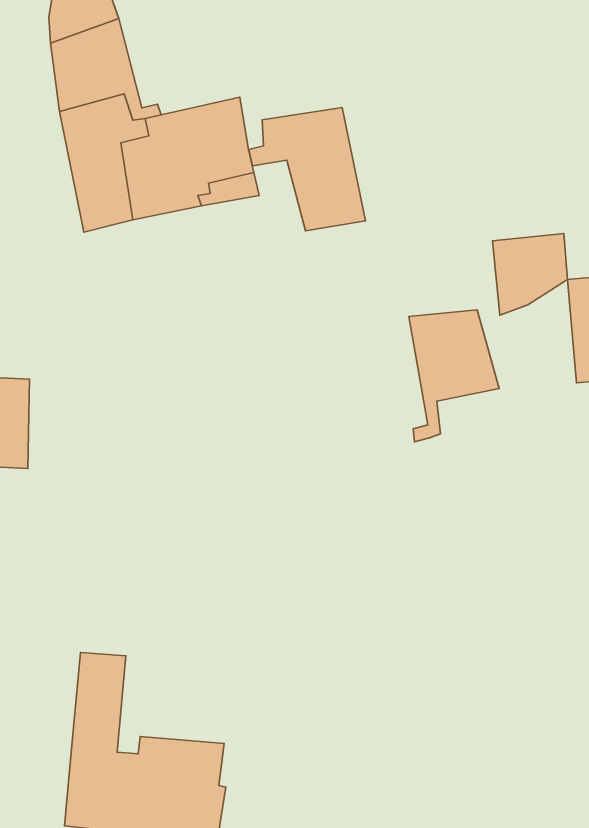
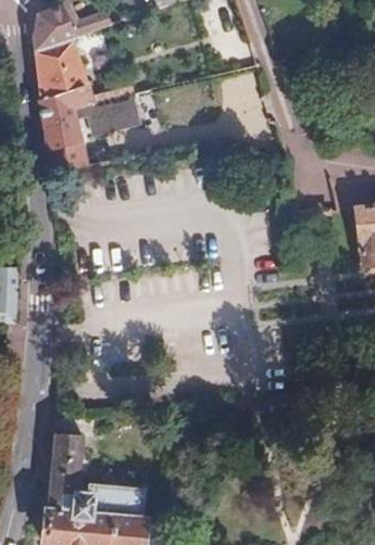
building: [249,107,366,231] -> none
building: [493,233,568,315] -> none
building: [409,310,499,442] -> none

